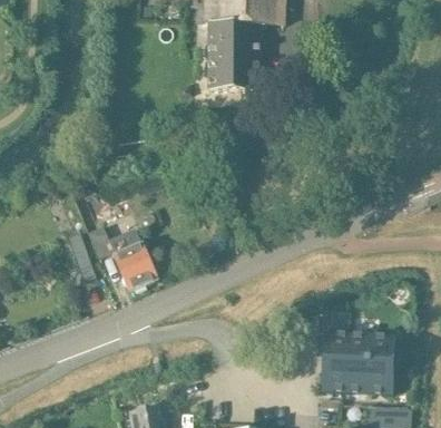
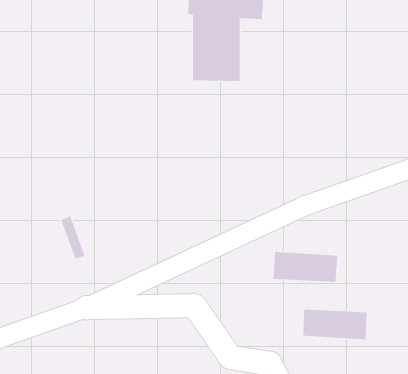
building: [88,224,157,289] -> none
building: [323,359,393,392] -> [272,251,338,283]

